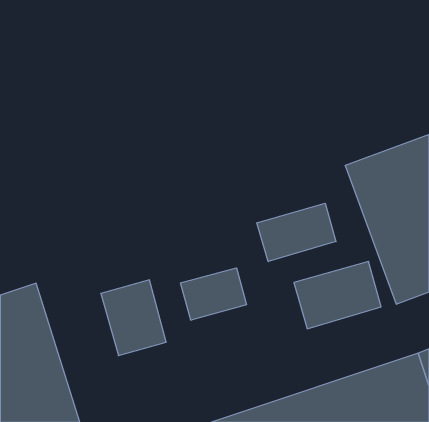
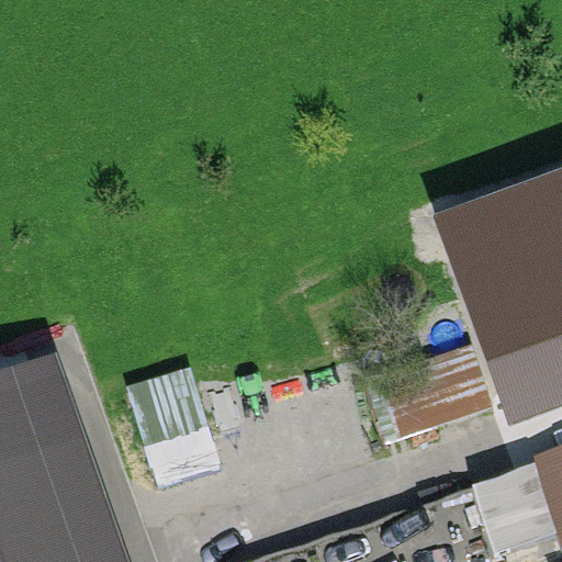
building: [257,203,336,262] -> none
building: [181,268,246,320] -> none

